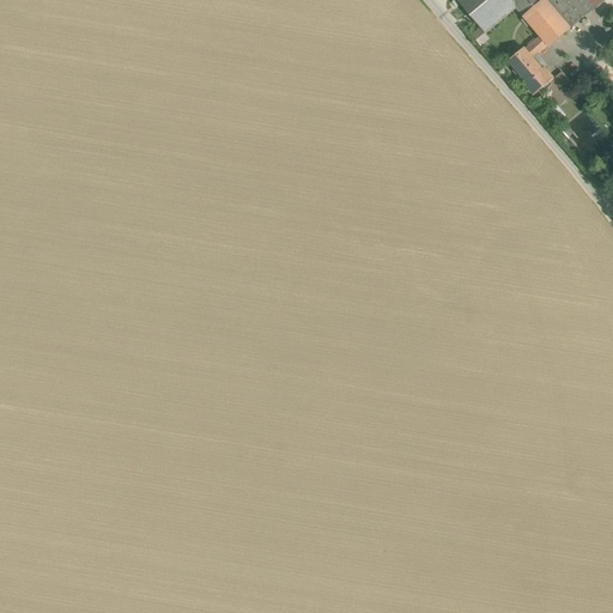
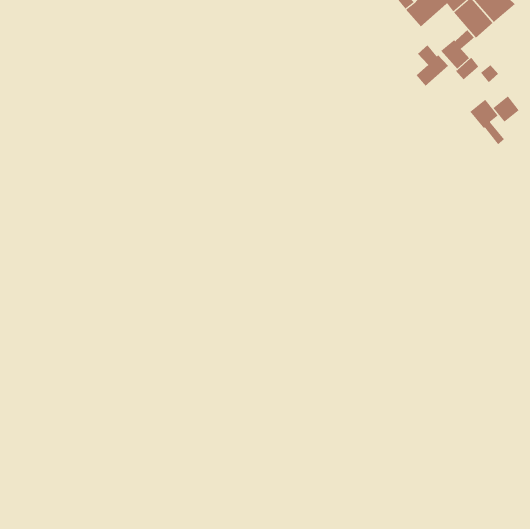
building: none -> [416,45,449,86]
building: none -> [469,99,505,145]

